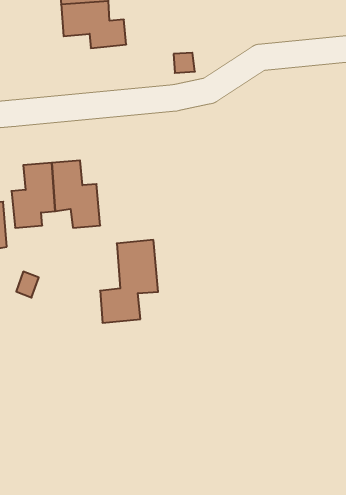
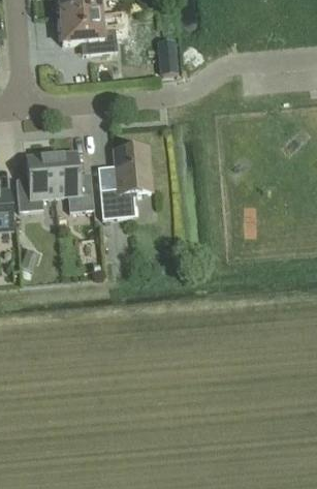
building: [100,240,158,323] -> [100,145,151,217]

